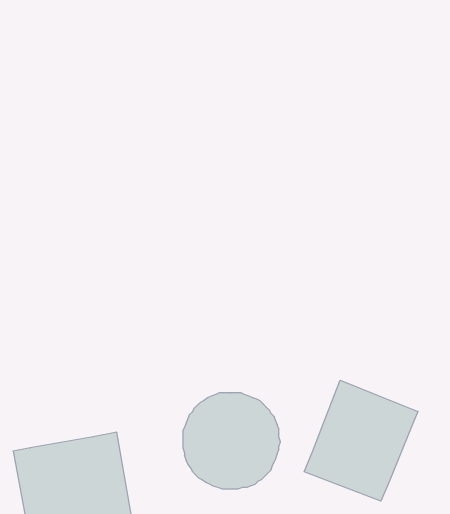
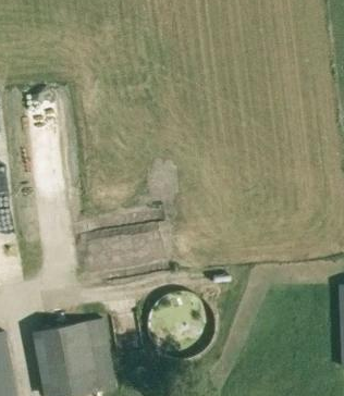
building: [304,380,418,501] -> none

